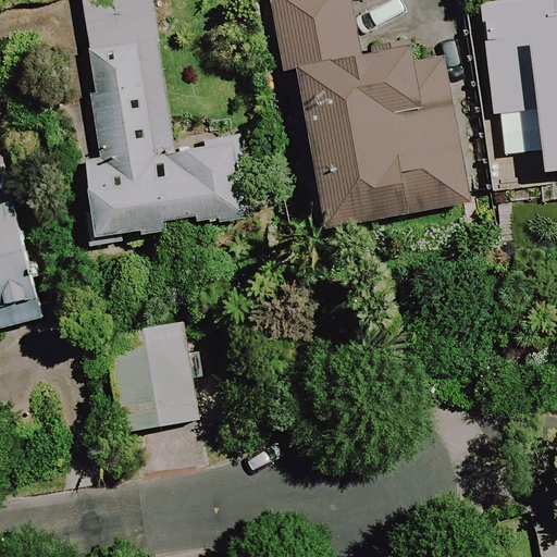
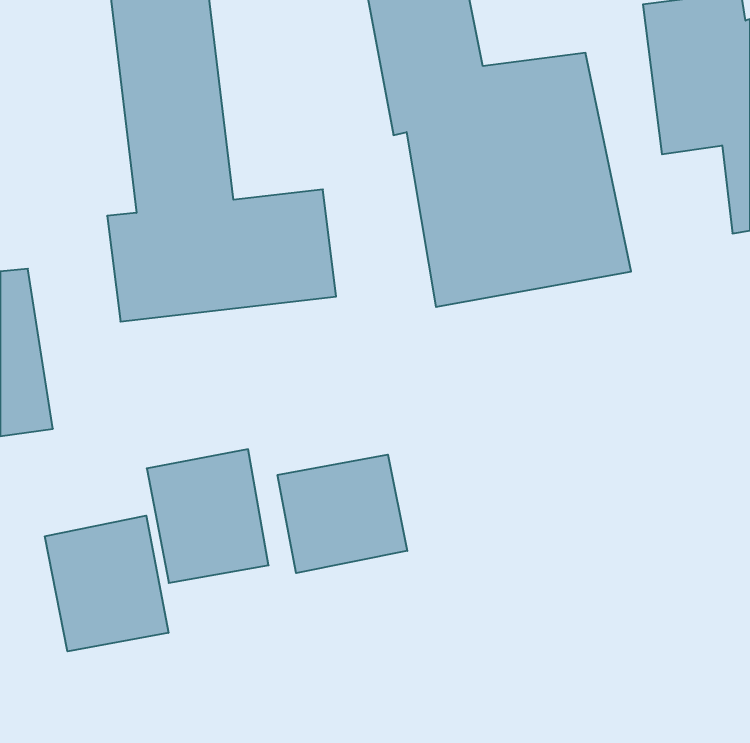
building: none -> [278,455,407,573]
building: none -> [45,516,168,651]

